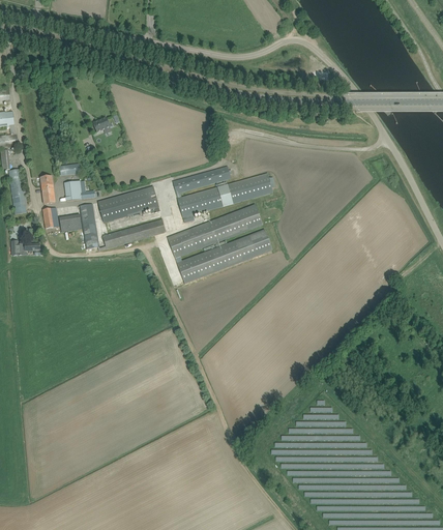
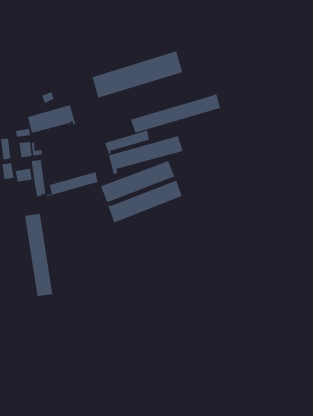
building: none -> [92,51,183,99]
building: none -> [130,93,221,134]
building: [98,185,160,222] -> [27,105,76,133]
building: none -> [24,213,53,297]

